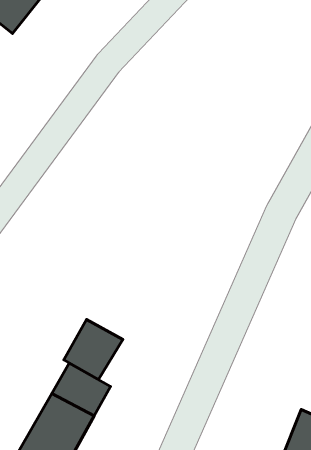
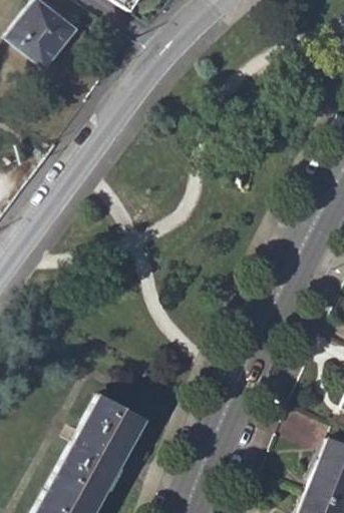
building: [64,319,123,380] -> none

